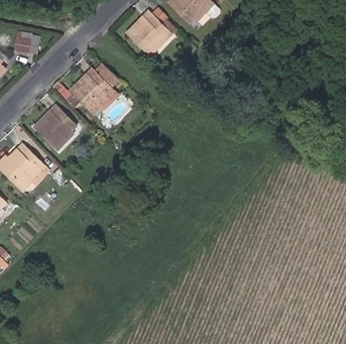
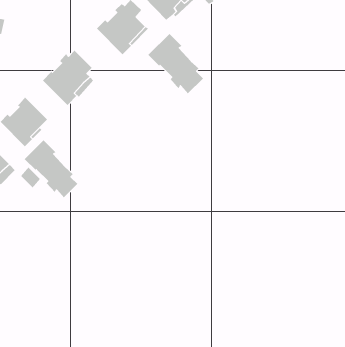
building: none -> [148,33,204,94]
building: none -> [24,139,78,198]

